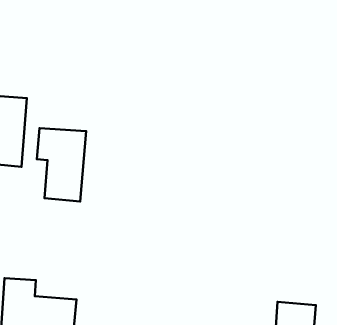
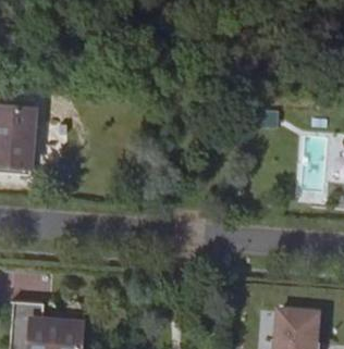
building: [37,128,86,201] -> none

